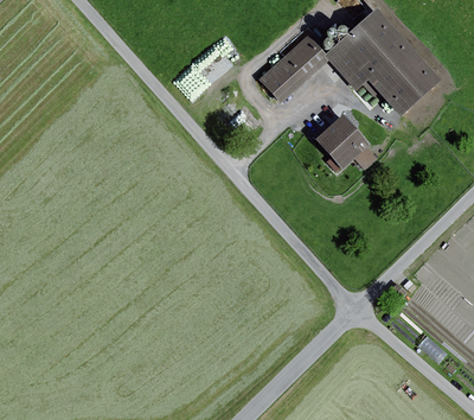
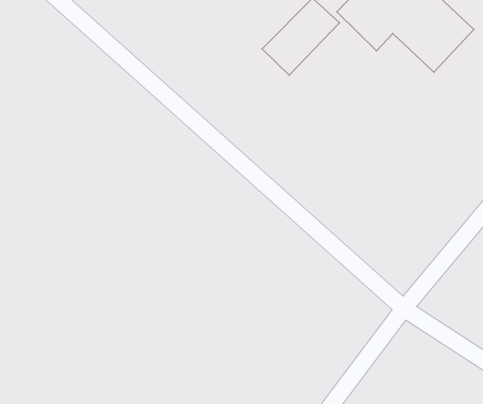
building: [316,115,371,170] -> none

